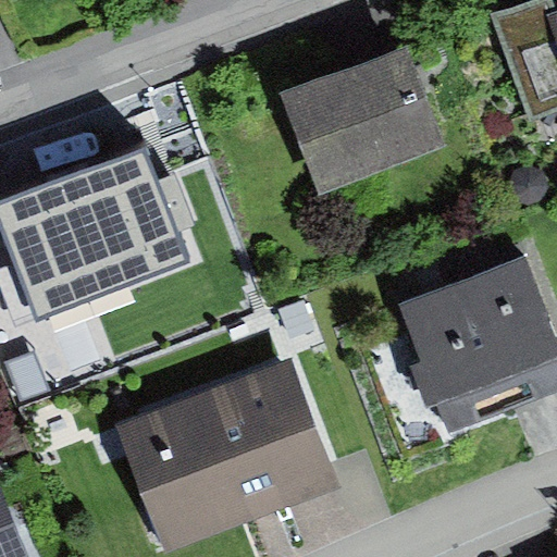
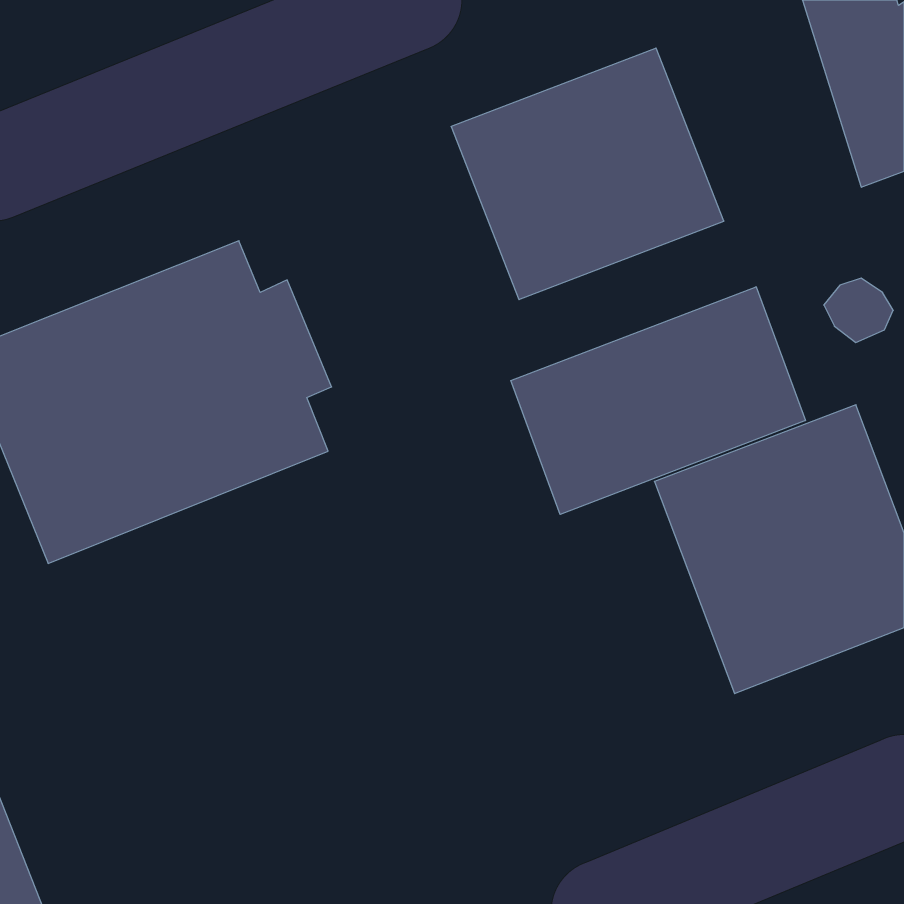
building: none -> [511,287,805,514]
building: [127,366,333,541] -> none

